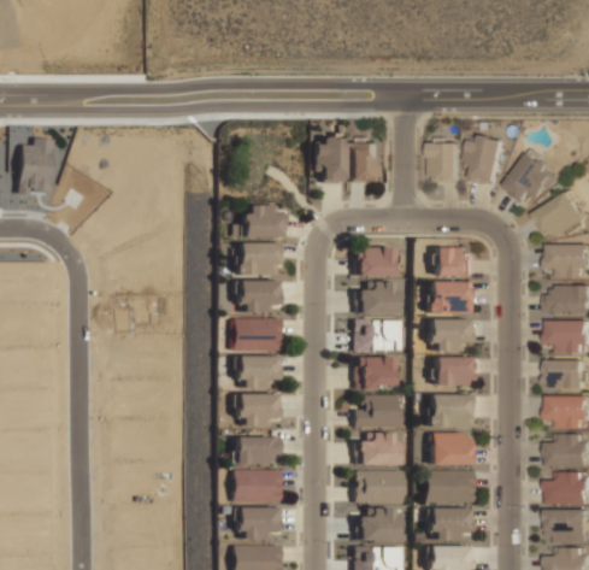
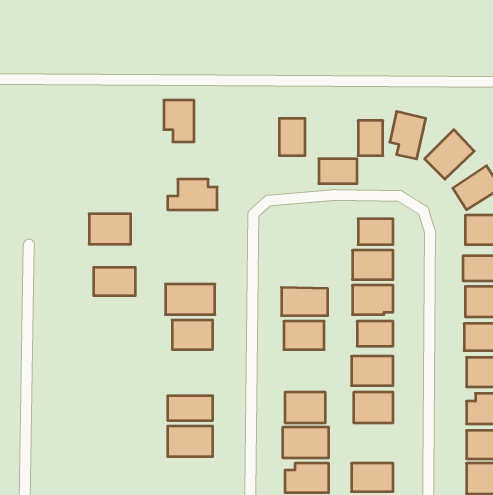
building: [313,139,346,183] -> [164,100,194,142]
building: [235,243,279,276] -> [89,214,131,244]
building: [357,249,397,276] -> [319,159,357,184]
building: [235,282,279,312] -> [94,267,135,296]
building: [358,282,400,313] -> none
building: [235,394,279,425] -> none
building: [354,395,402,428] -> none
building: [425,471,475,504] -> none
building: [235,509,279,539] -> none

